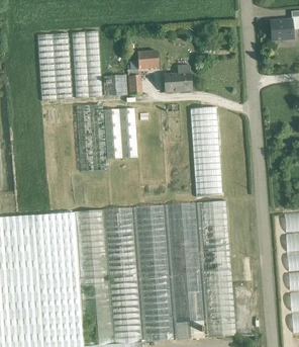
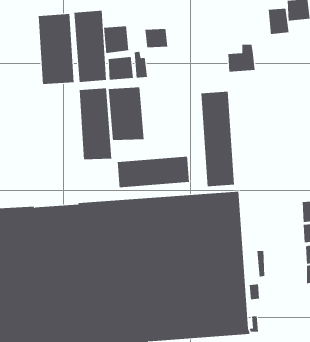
building: none -> [268,8,289,35]
building: none -> [104,25,129,54]
building: [164,66,190,92] -> [228,44,256,72]
building: none -> [117,156,190,188]

